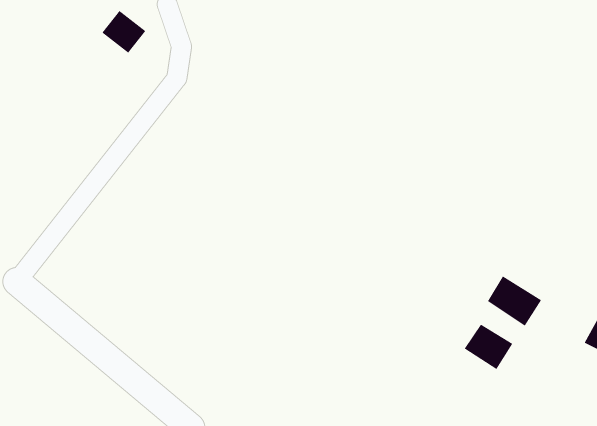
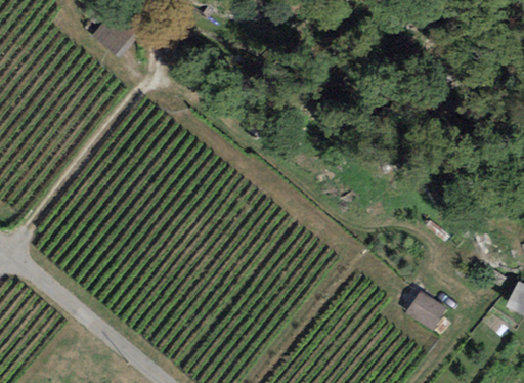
building: [487,276,542,326] -> none

